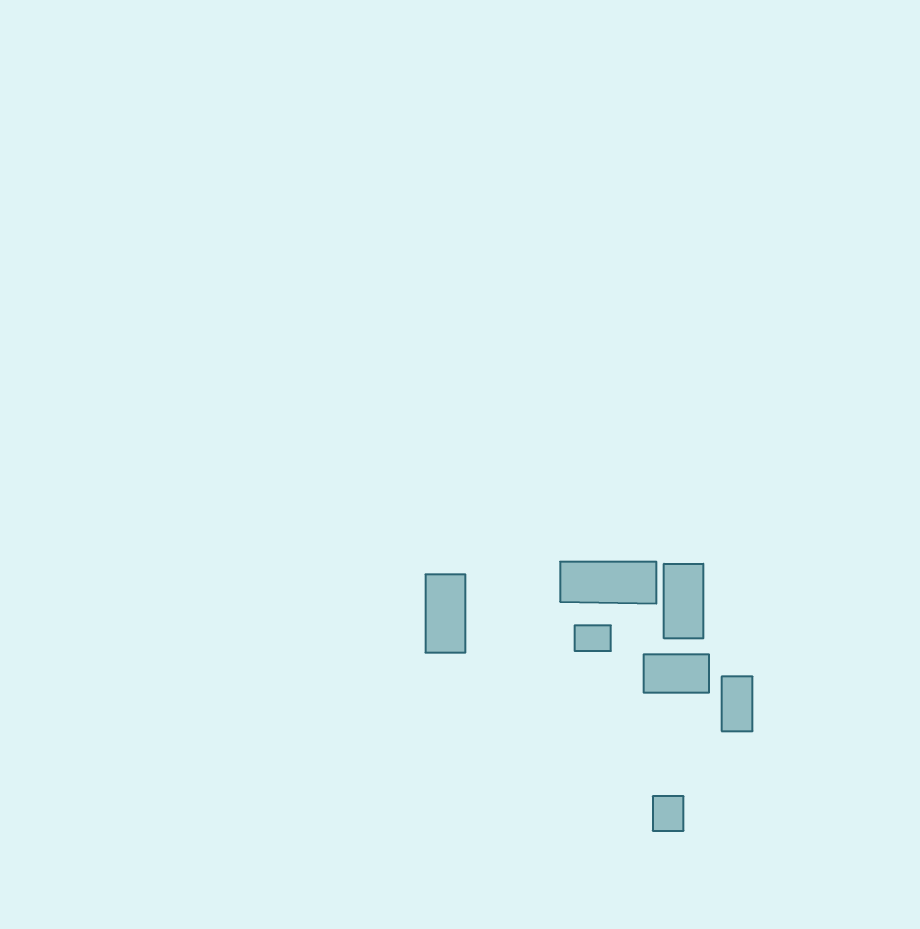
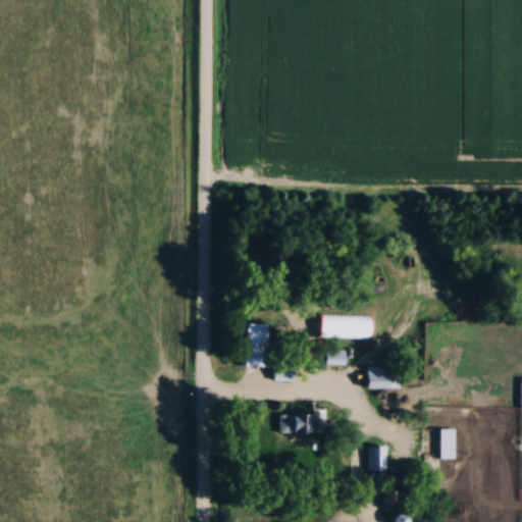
building: [664,564,703,638] -> none
building: [722,677,753,731] -> [441,428,459,459]
building: none -> [282,415,313,433]

